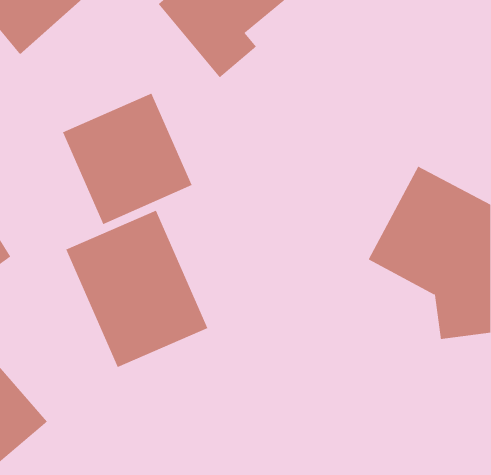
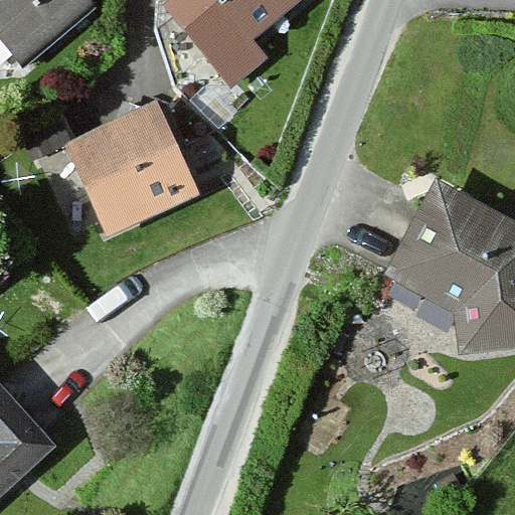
building: [66,210,208,368] -> none

